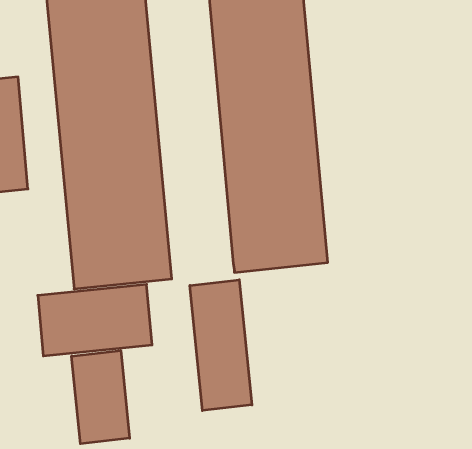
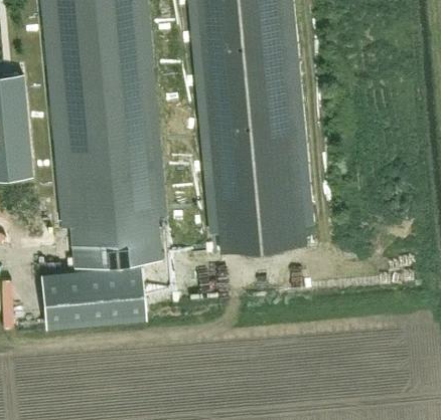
building: [190,280,252,411] -> none
building: [72,351,130,444] -> none

